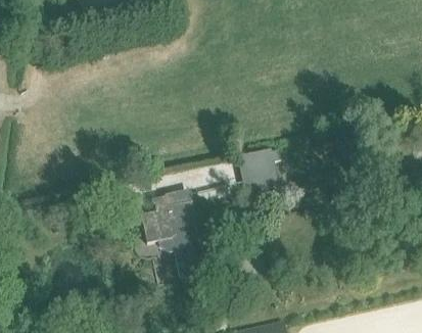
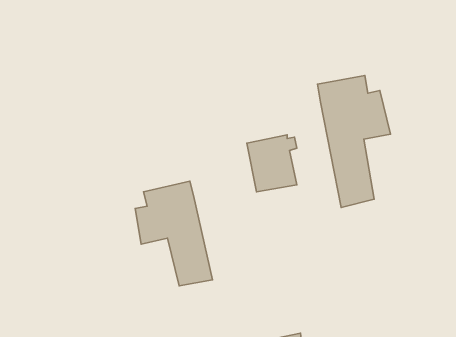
building: none -> [317,75,391,207]

